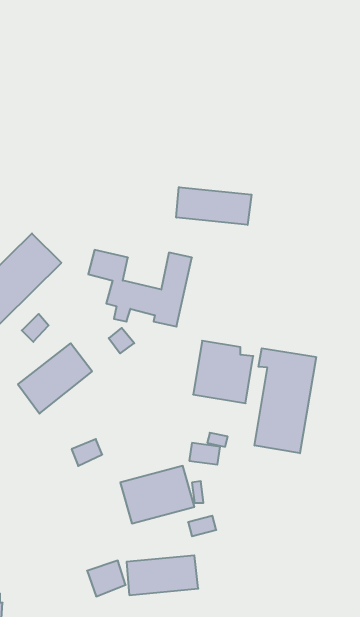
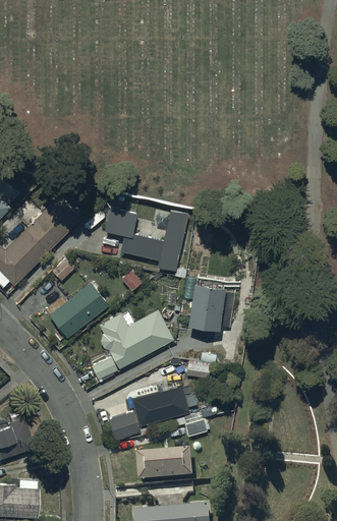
building: [176,187,252,225] -> none
building: [255,348,316,453] -> none
building: none -> [99,309,174,368]
building: [87,561,126,596] -> [108,411,138,440]

